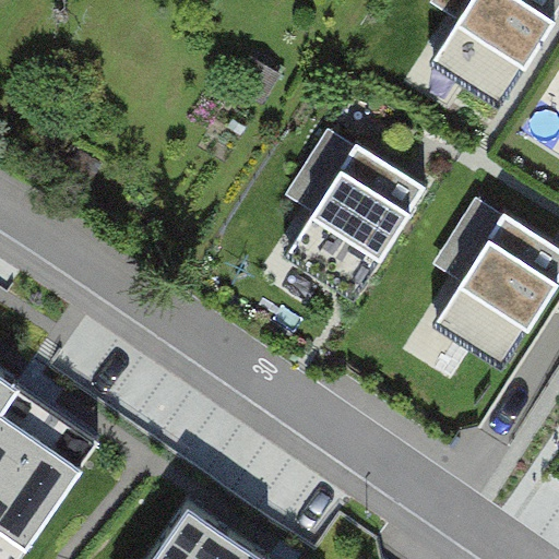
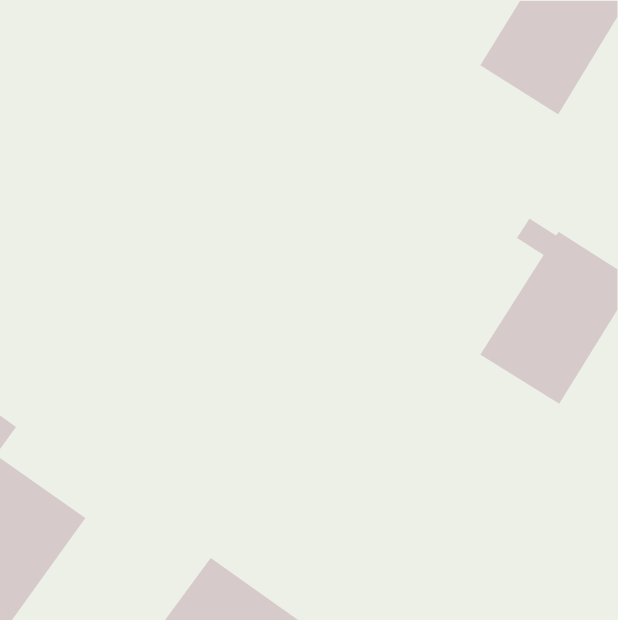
building: [284,128,426,296] -> none

